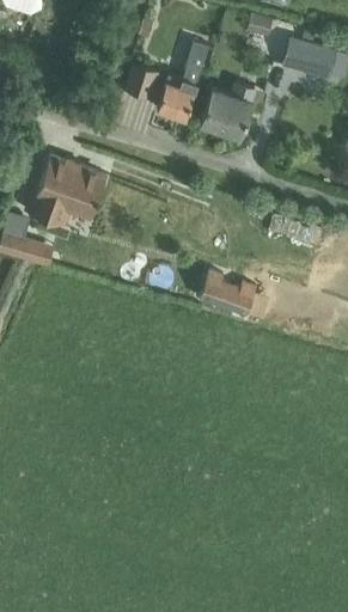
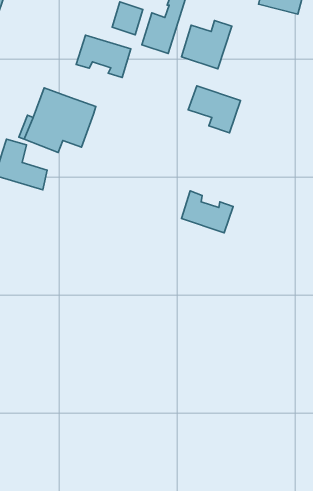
building: none -> [76,35,131,77]
building: none -> [188,86,240,133]

